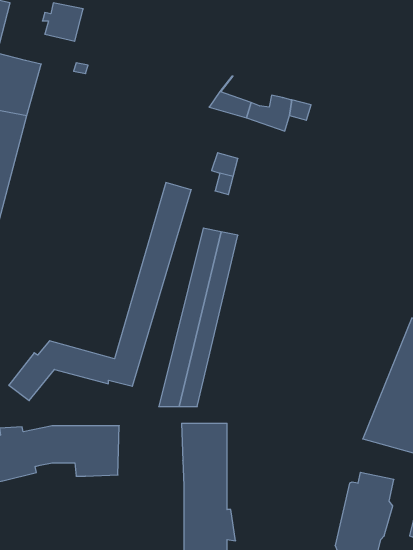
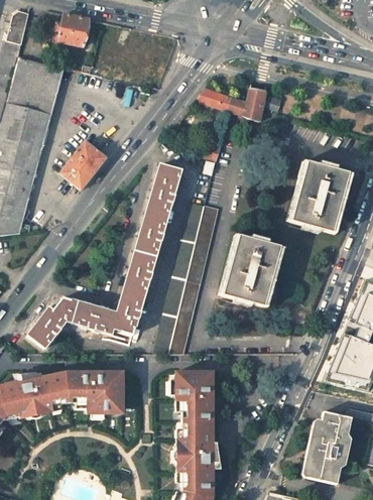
building: none -> [61,141,107,189]
building: none -> [289,158,346,233]
building: none -> [220,233,275,307]

